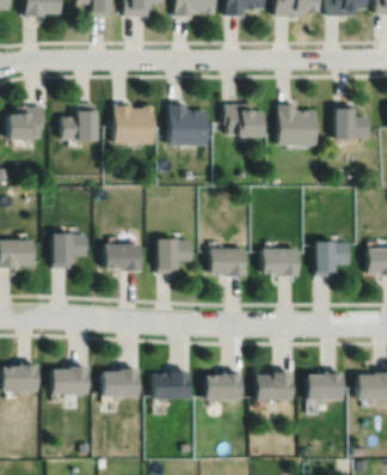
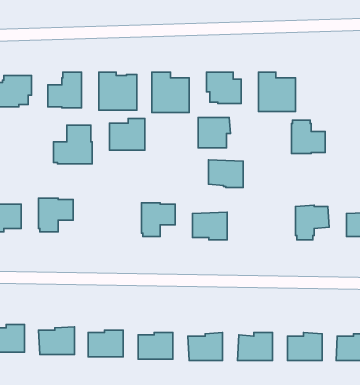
building: [334,104,369,139] -> [292,120,325,154]
building: none -> [198,117,231,148]
building: none -> [109,118,145,150]
building: none -> [54,125,92,164]
building: [104,245,141,273] -> none
building: [263,249,299,278] -> [208,160,243,188]

